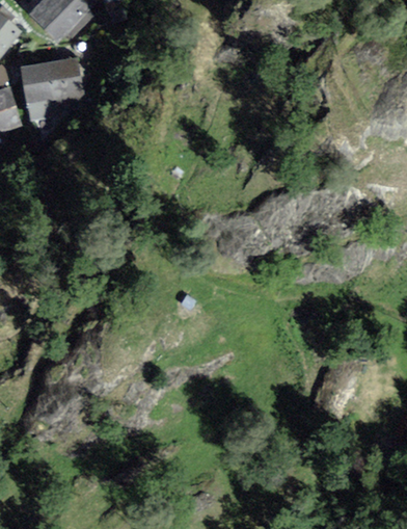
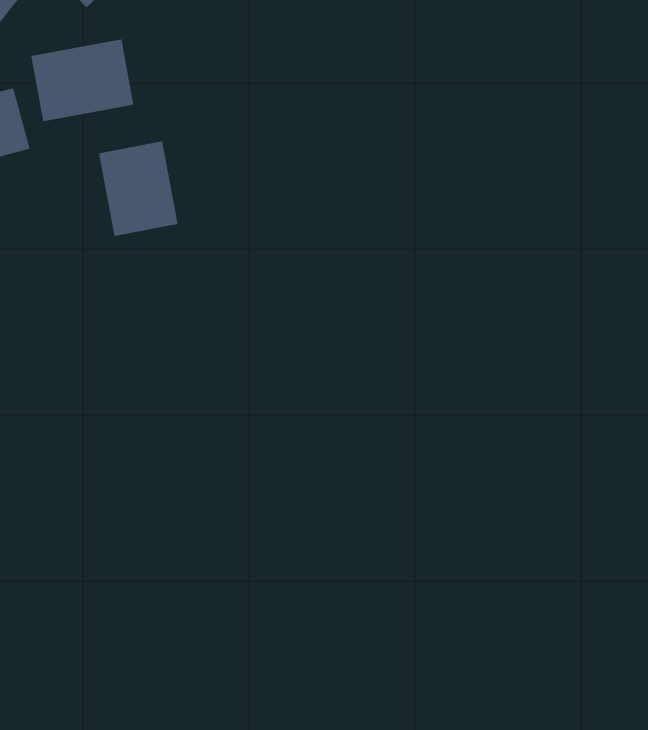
building: none -> [99,141,178,237]

